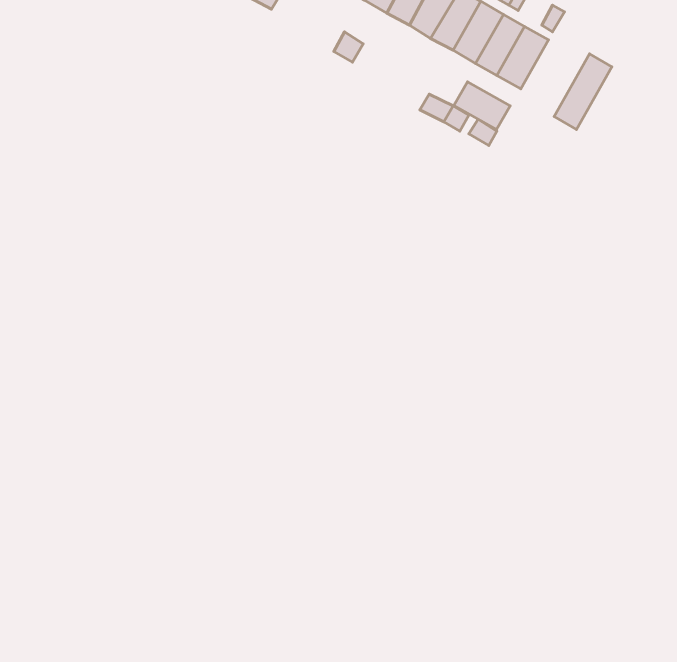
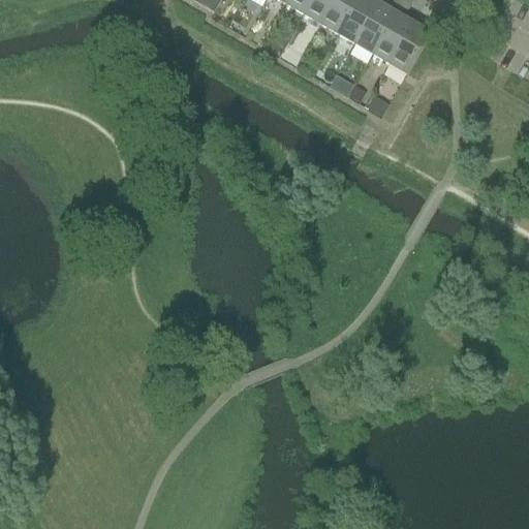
building: [554,54,612,130] -> none
building: [454,82,510,130] -> none

